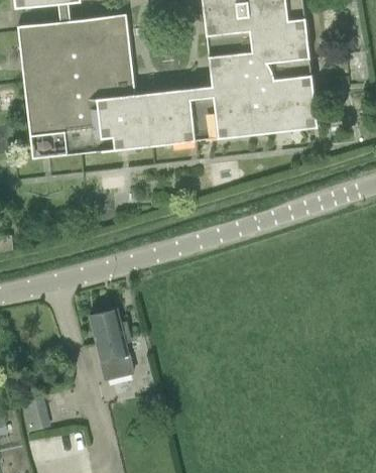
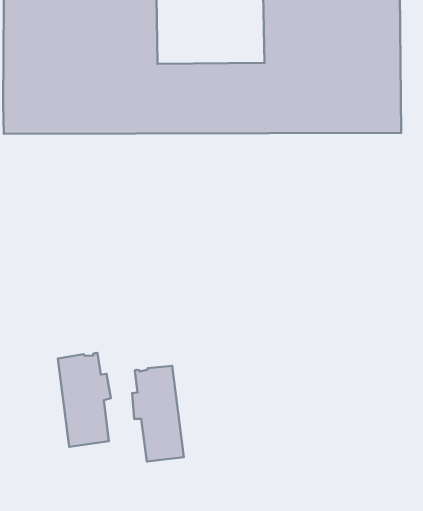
building: none -> [132,366,184,462]

